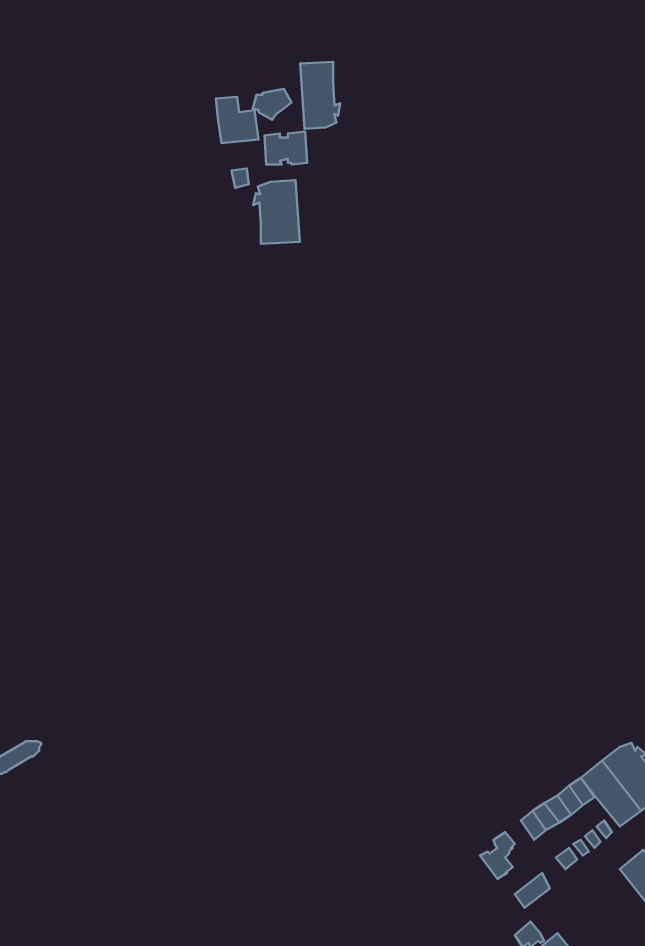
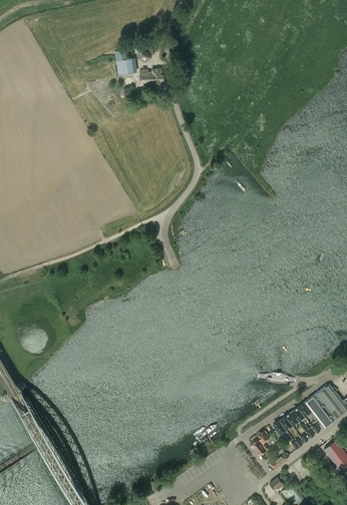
building: [300,62,340,129] -> none
building: [253,180,300,244] -> none

